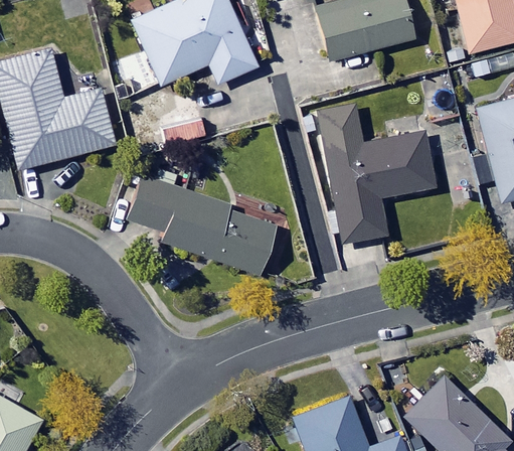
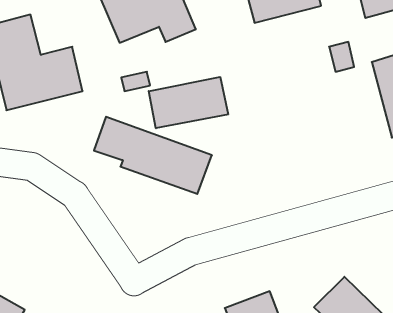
building: [318,105,435,244] -> none
building: none -> [149,77,228,128]

